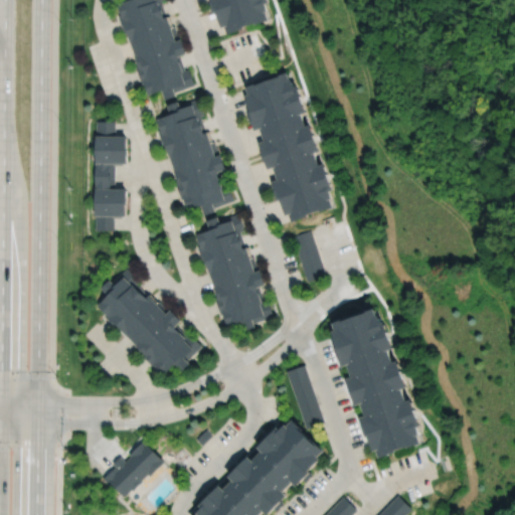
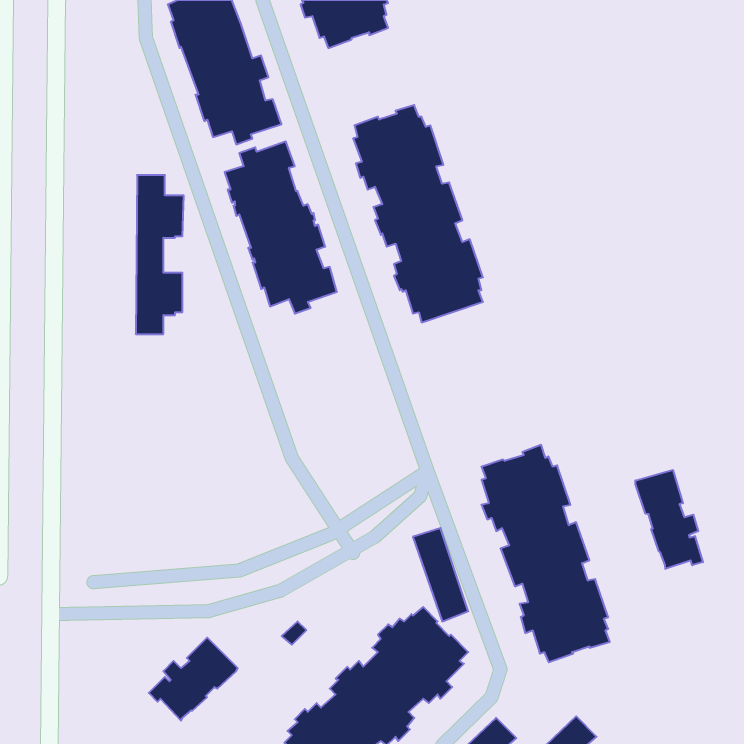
building: [196,215,274,330] -> none
building: [290,230,325,282] -> none
building: [96,269,201,375] -> none
building: none -> [635,470,703,569]

